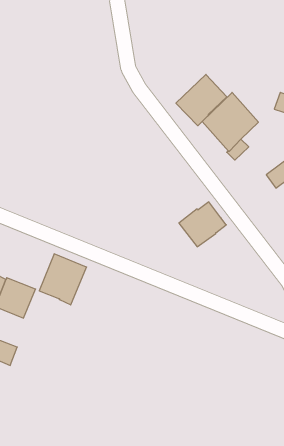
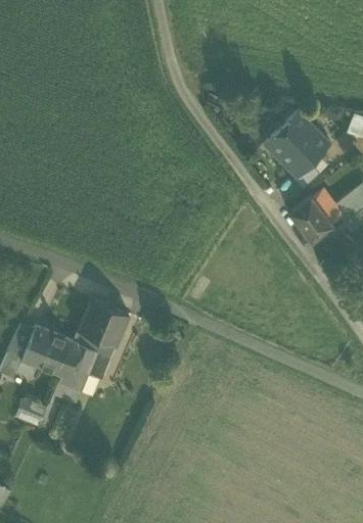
building: [176,74,227,126] -> none
building: [179,202,226,247] -> [288,188,344,240]
building: none -> [52,339,96,400]

